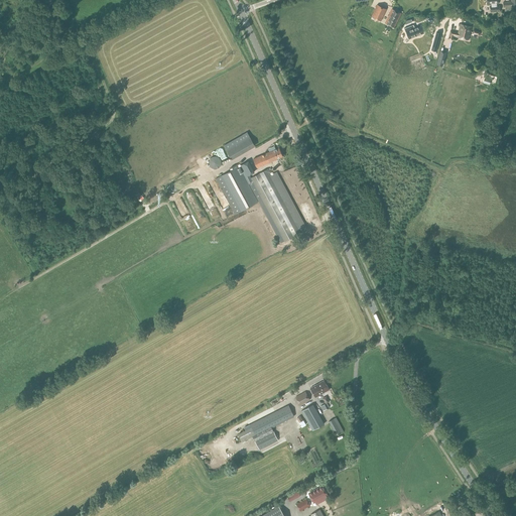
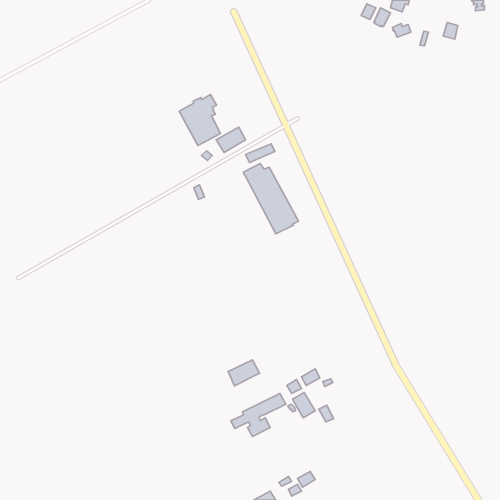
building: [216,161,258,214] -> [179,94,220,145]
building: none -> [228,360,259,386]

